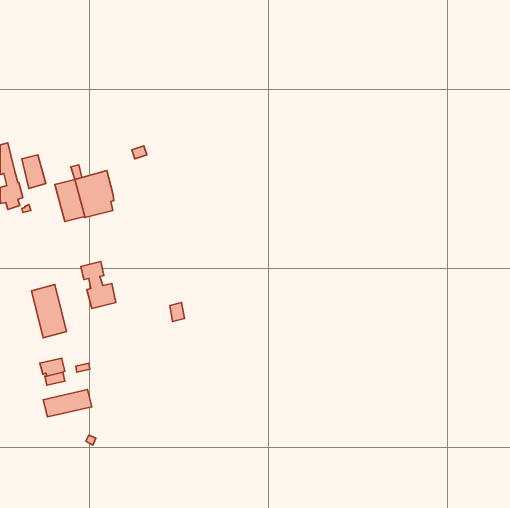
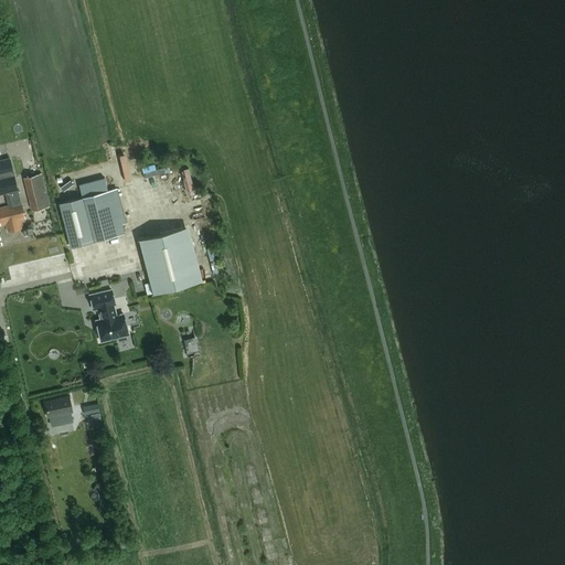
building: none -> [138,226,201,297]
building: [32,284,66,338] -> none
building: [43,390,92,417] -> none

